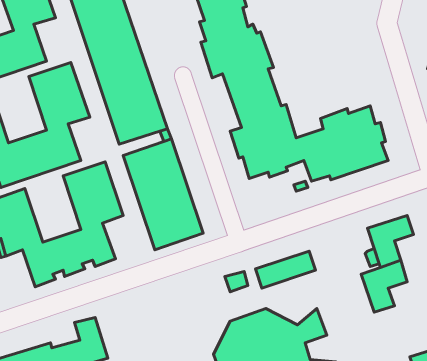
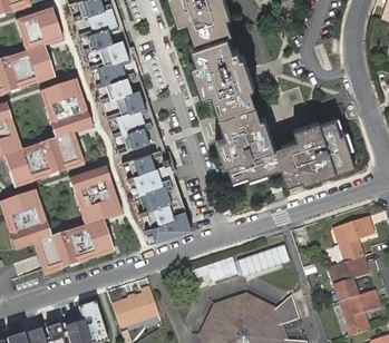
building: none -> [341,286,381,332]
building: none -> [113,287,161,326]

